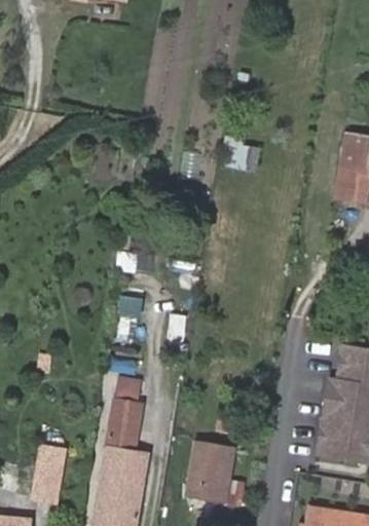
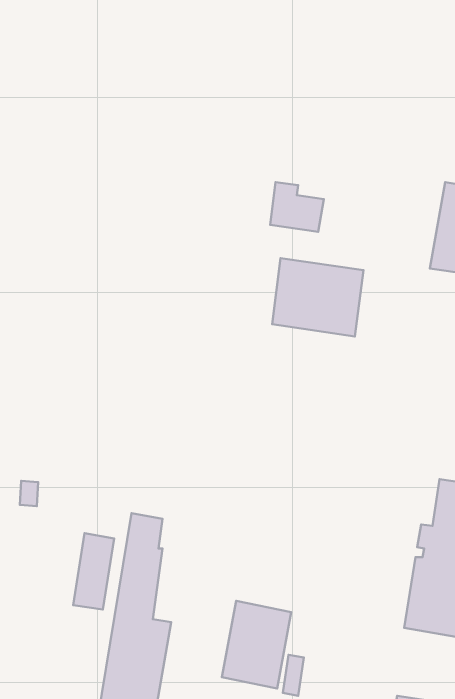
building: none -> [272,258,363,336]
building: [34,445,64,500] -> [73,533,114,609]

